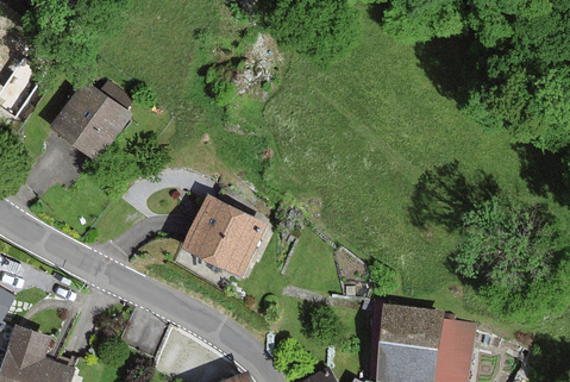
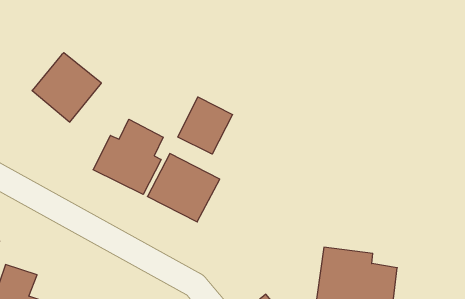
building: none -> [178,97,233,154]
building: none -> [93,119,163,194]

